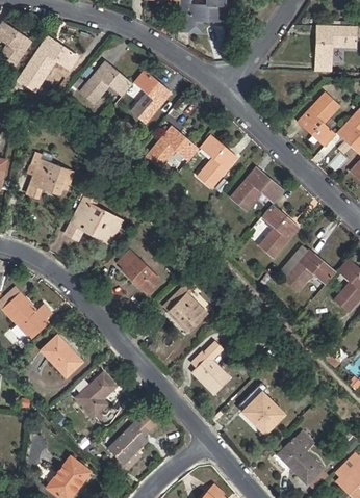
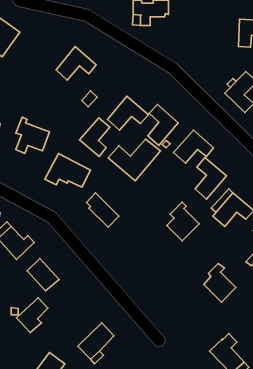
building: [19,35,78,90] -> none
building: [131,70,171,123] -> none
building: none -> [79,118,110,156]
building: none -> [108,139,160,181]
building: [165,285,207,335] -> [167,202,199,241]
building: [192,343,230,394] -> none
building: [76,372,117,417] -> [17,298,48,332]
building: [242,384,284,434] -> [204,263,236,302]

